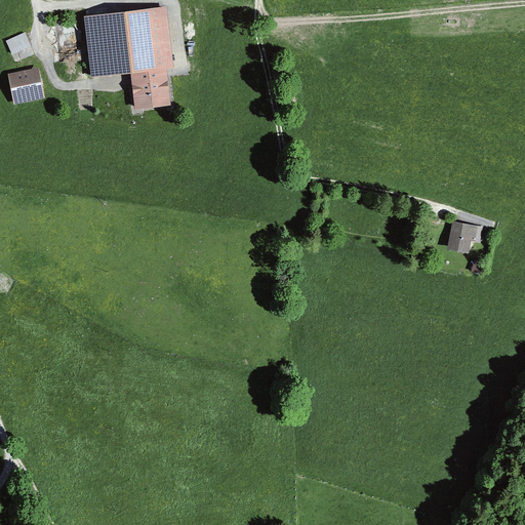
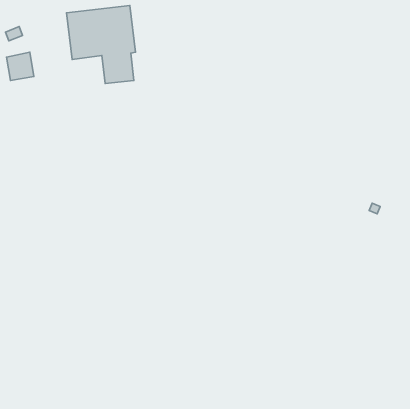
building: [448,221,482,252] -> none

